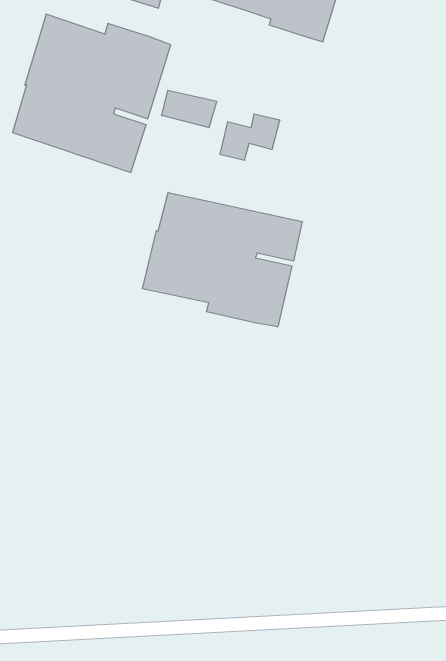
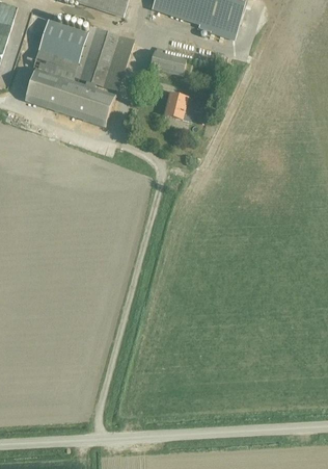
building: [161,91,217,128] -> [148,51,186,76]
building: [143,192,302,327] -> none

